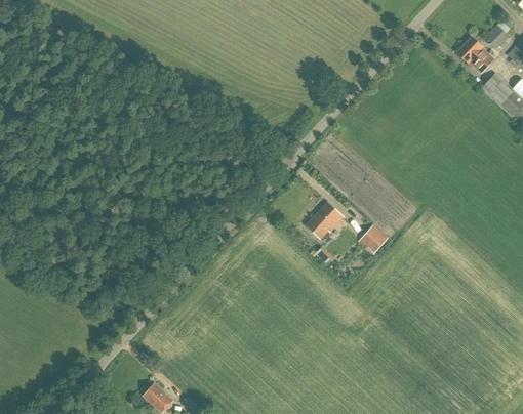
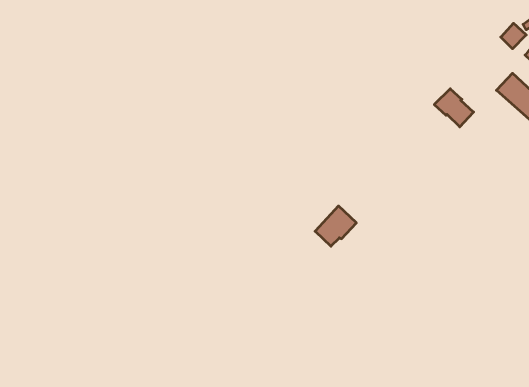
building: [456,36,494,73] -> [434,89,474,127]
building: [358,223,389,254] -> none

